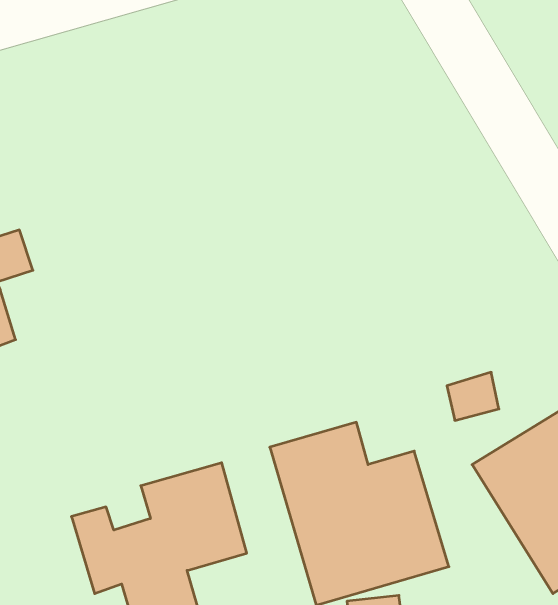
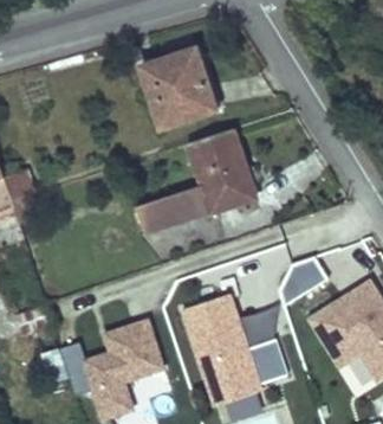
building: none -> [143,49,216,129]
building: none -> [138,130,257,237]

